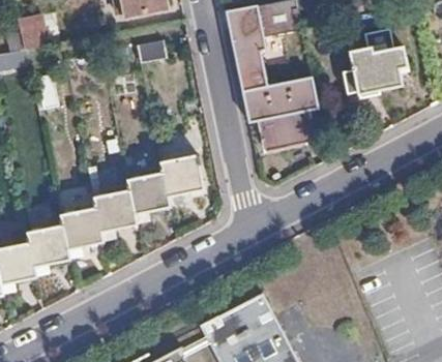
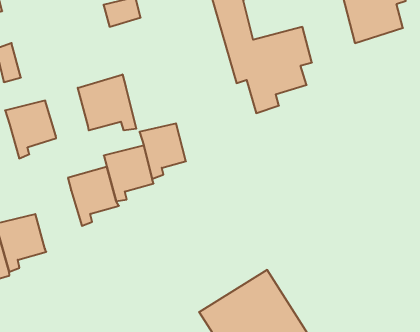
building: none -> [78,74,136,130]
building: [60,207,104,257] -> [5,101,56,158]

